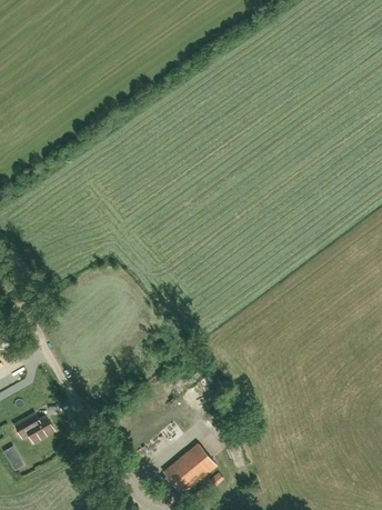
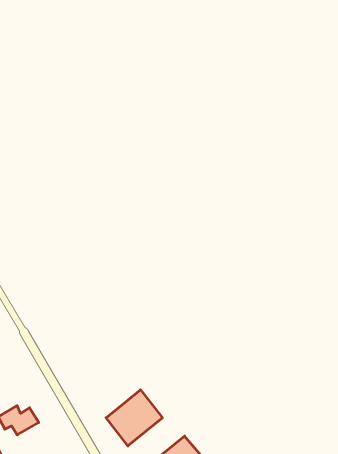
building: none -> [106,390,162,446]

